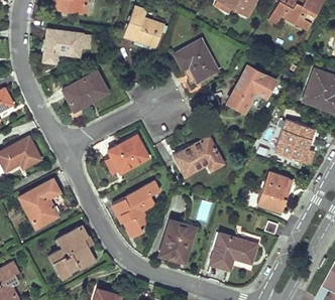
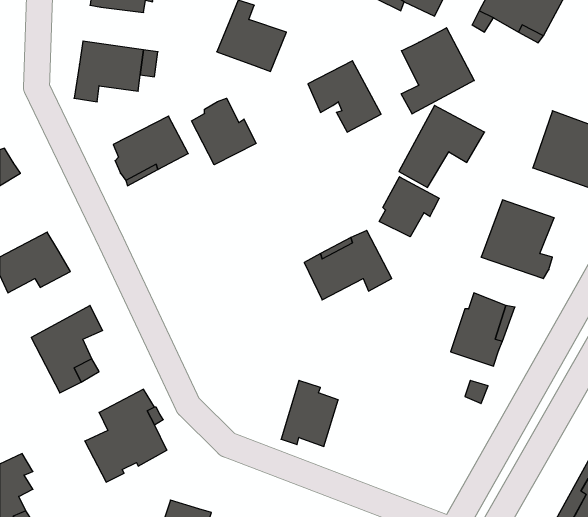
building: none -> [401,28,474,114]
building: none -> [192,98,256,165]
building: none -> [379,177,439,237]
building: [108,137,147,174] -> none
building: [111,182,158,238] -> none
building: [209,234,255,270] -> none

